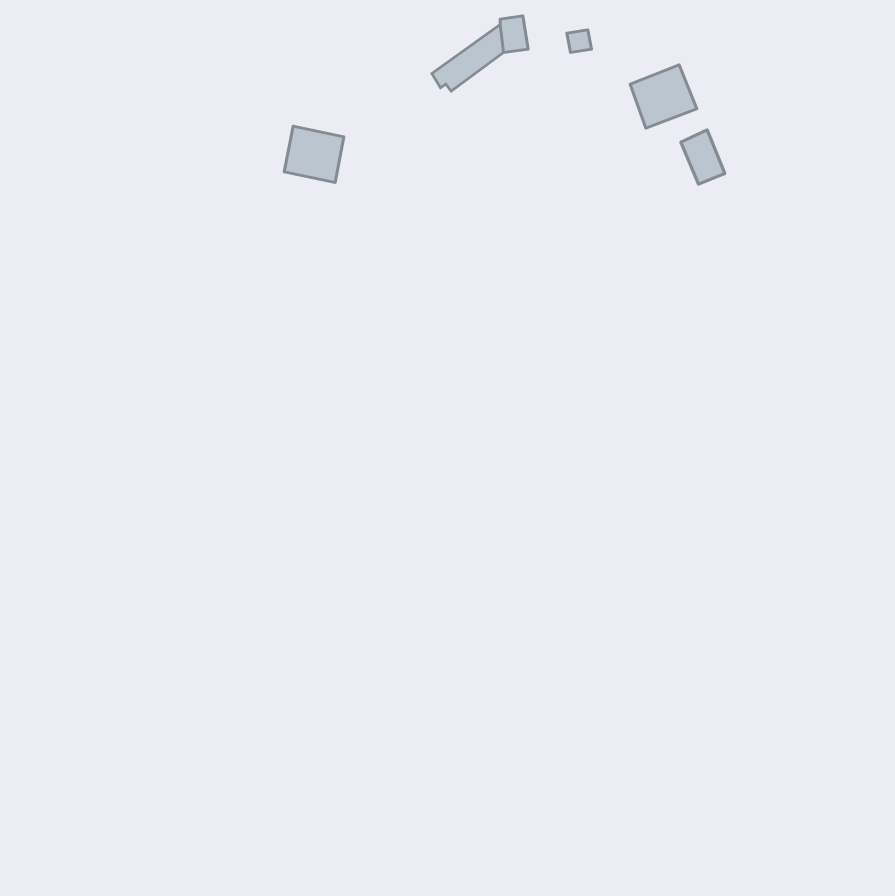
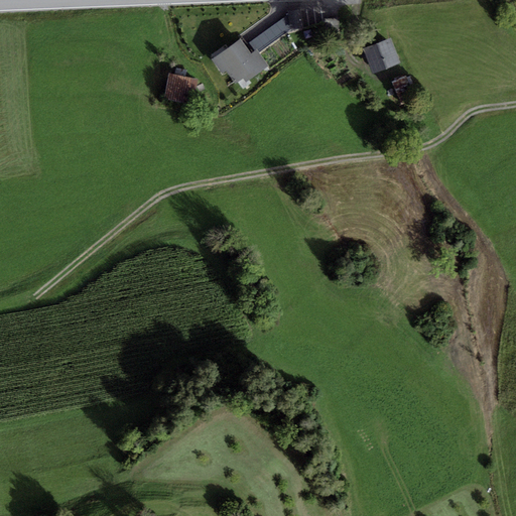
building: none -> [211,37,269,83]

